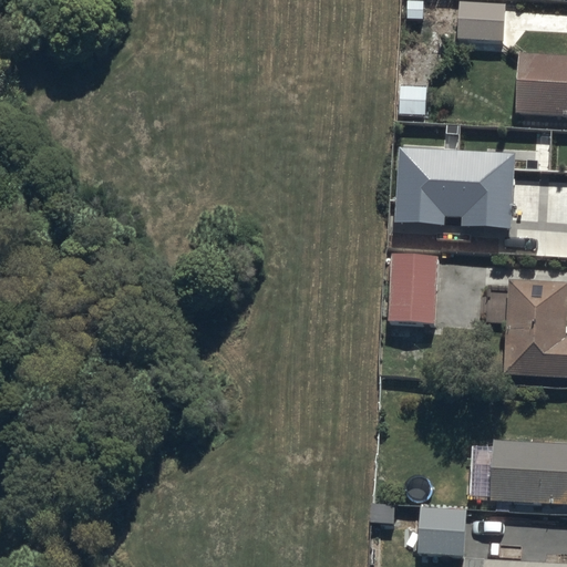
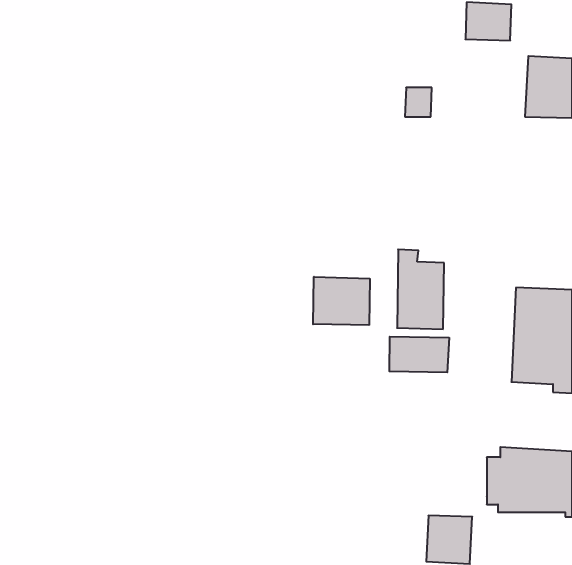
building: [394,138,515,219] -> none
building: none -> [313,277,370,325]
building: none -> [389,337,449,372]

